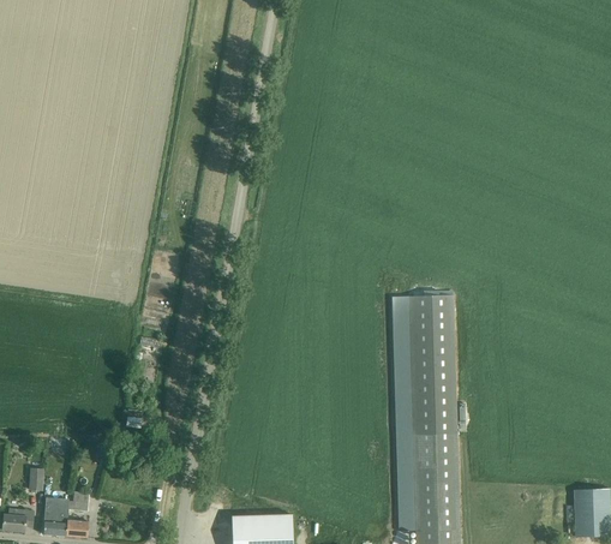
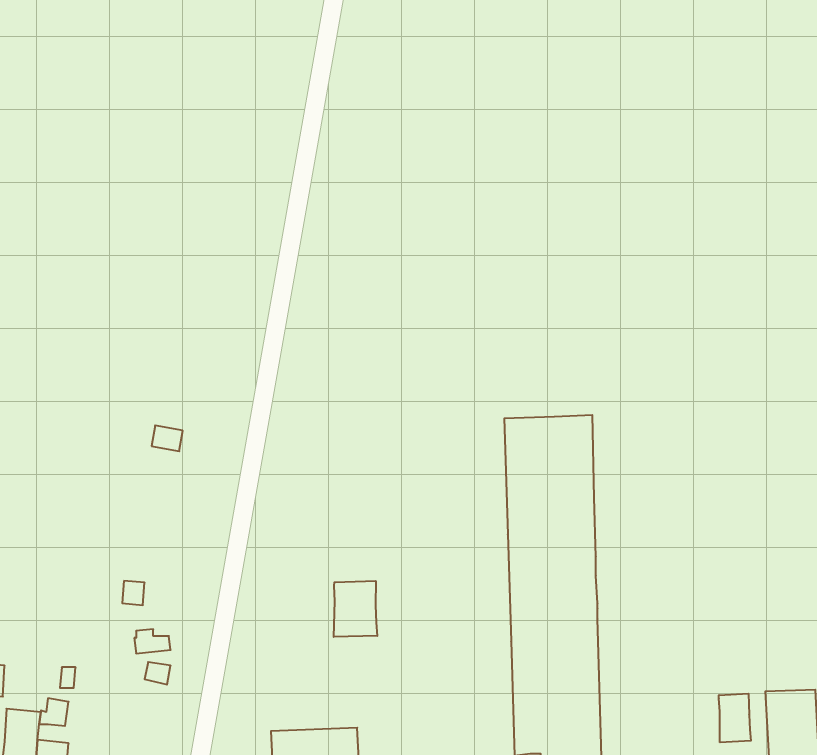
building: none -> [334,581,377,637]
building: none -> [719,694,751,742]

